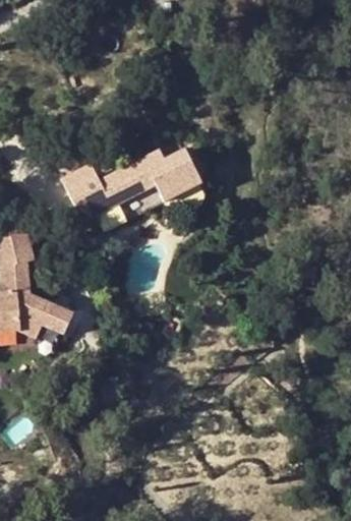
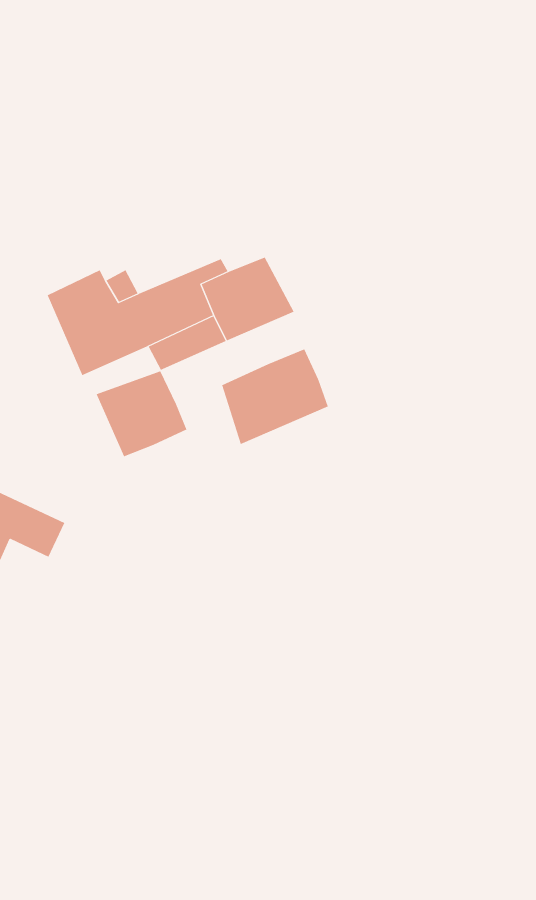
building: none -> [222,349,328,445]
building: none -> [96,370,187,457]

